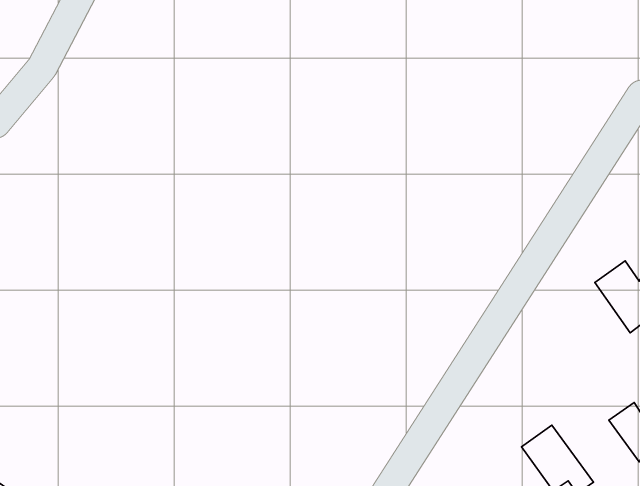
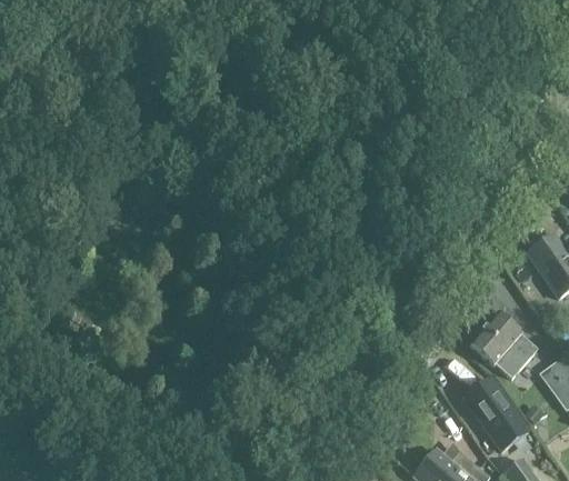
building: none -> [469,313,536,378]

